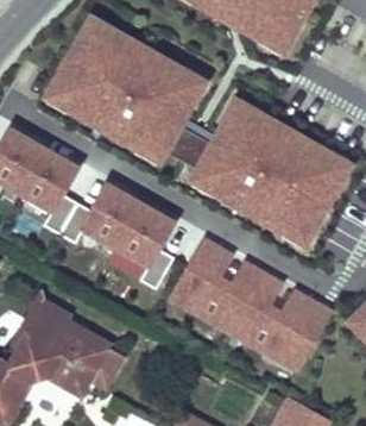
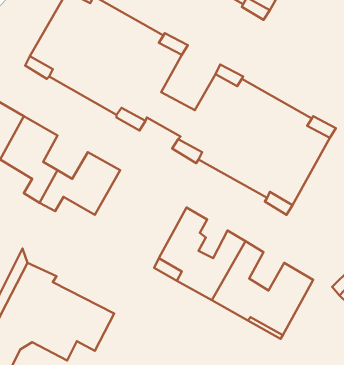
building: [113,205,172,290] -> none

